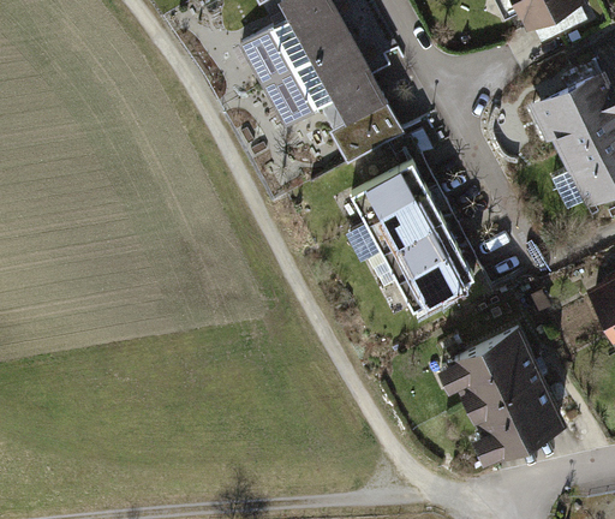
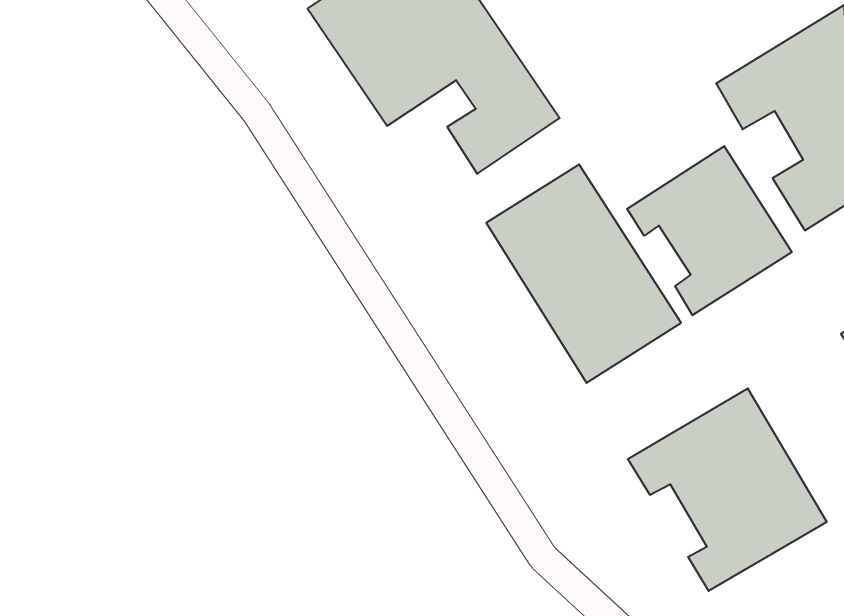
building: none -> [627,146,792,315]

